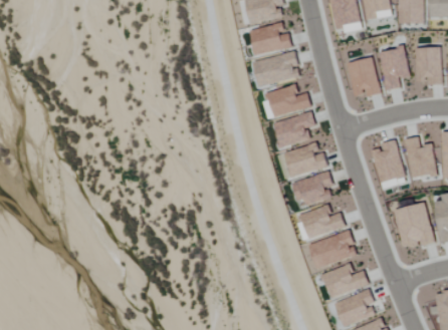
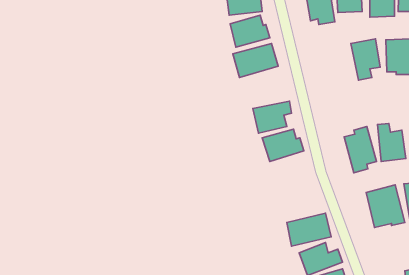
building: [347,56,381,96] -> none
building: [267,84,311,116] -> none
building: [291,171,333,206] -> none
building: [300,205,346,238] -> none

